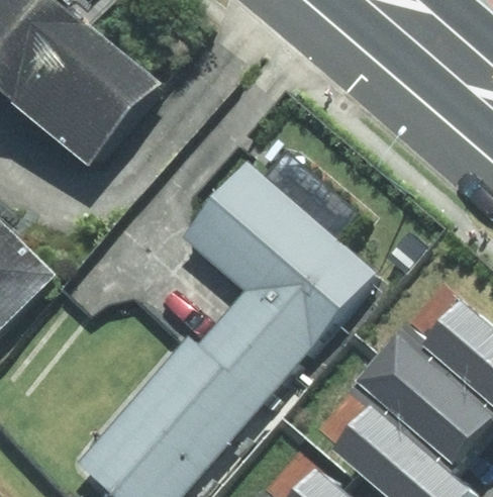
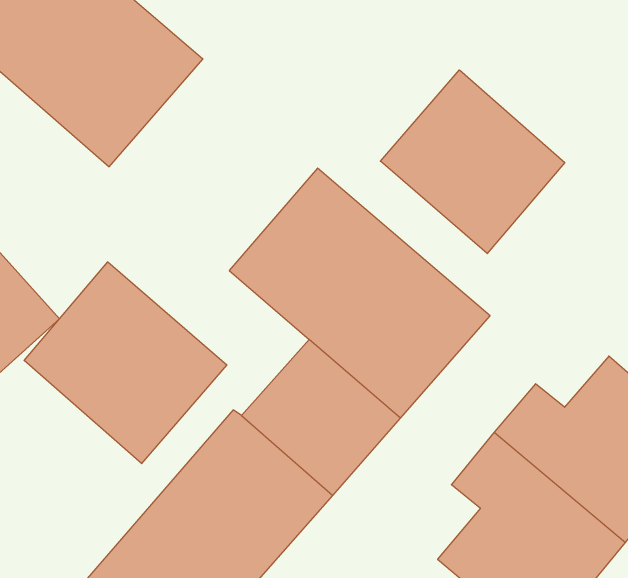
building: none -> [380,70,565,254]
building: none -> [24,262,227,464]

